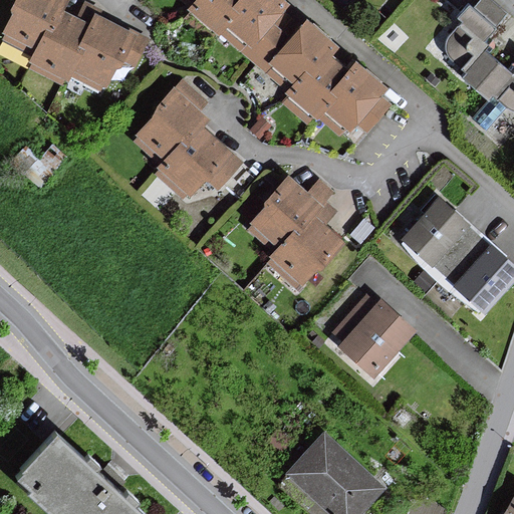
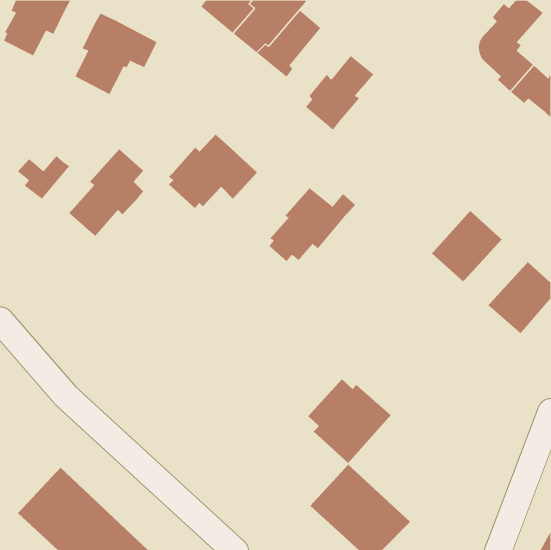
building: [28,10,87,84] -> none
building: [267,19,334,90] -> none
building: [317,61,389,132] -> none
building: [136,79,206,162] -> [69,148,144,237]
building: [269,201,342,285] -> none
building: [433,225,490,283] -> none
building: [335,296,414,375] -> [307,379,391,464]

